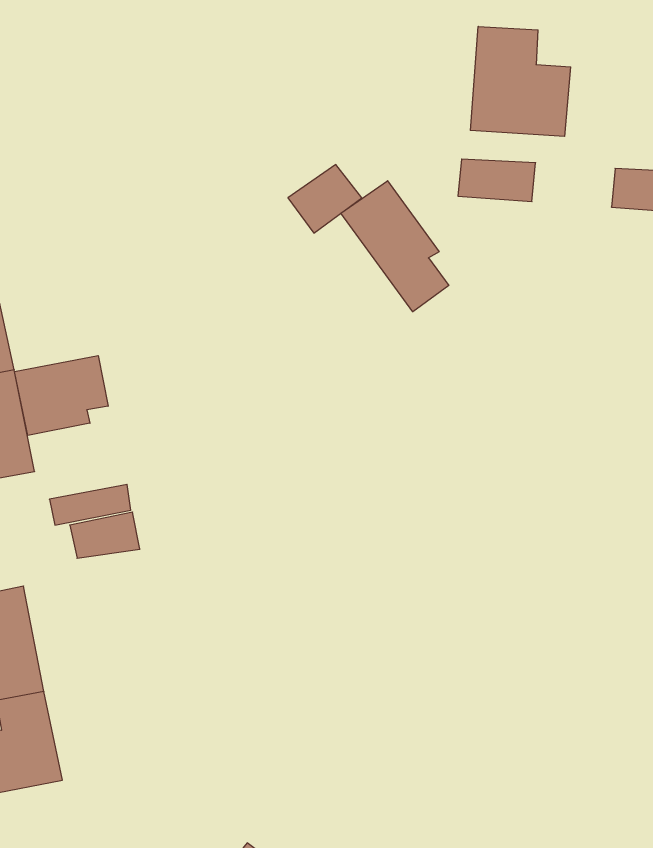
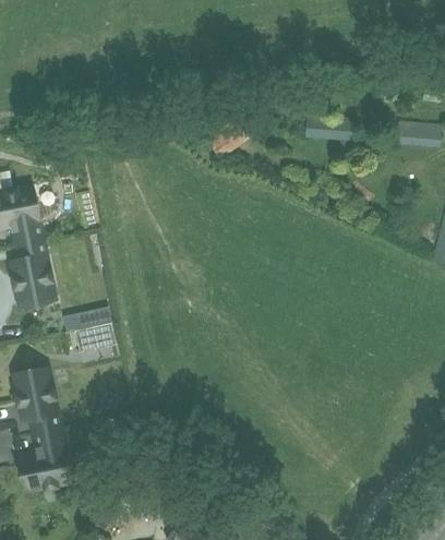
building: [470,26,571,136] -> none
building: [341,181,449,312] -> none
building: [15,356,108,435] -> none

